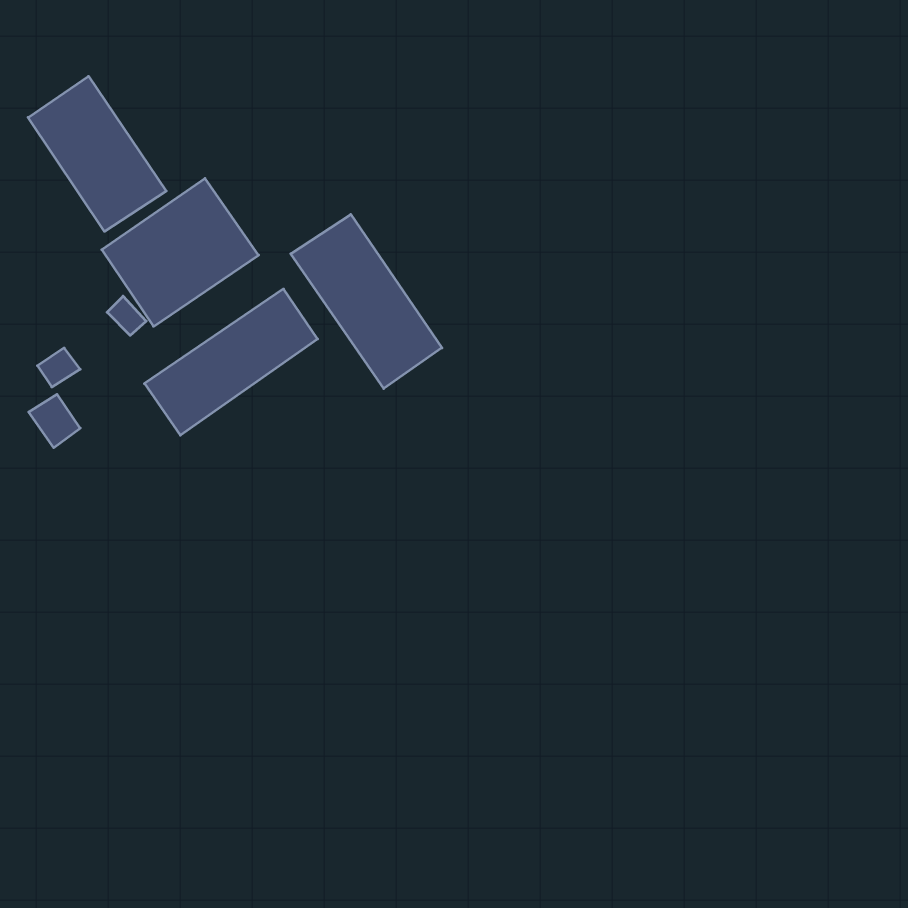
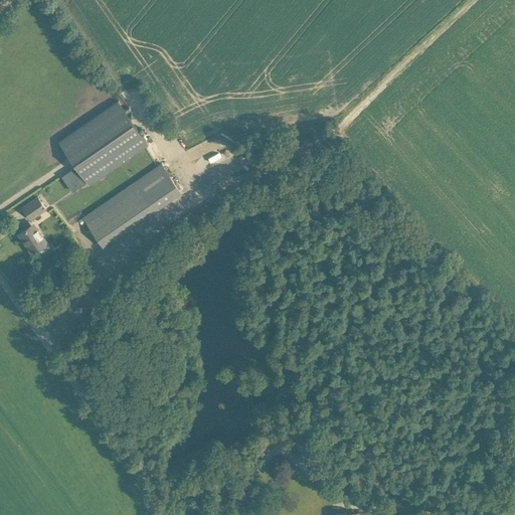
building: [28,76,166,231] -> none
building: [291,214,442,389] -> none

